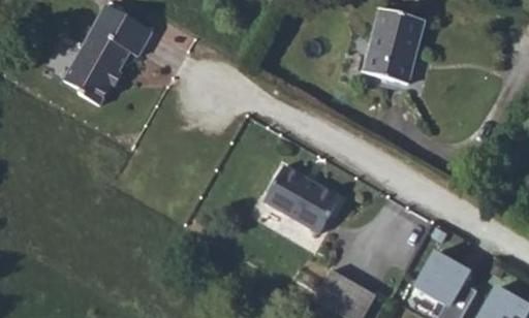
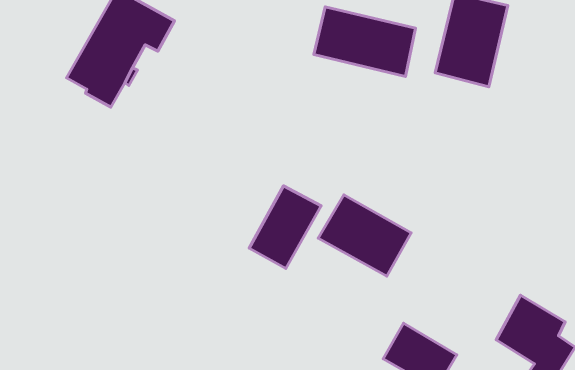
building: none -> [314,7,416,77]
building: none -> [249,186,321,269]

